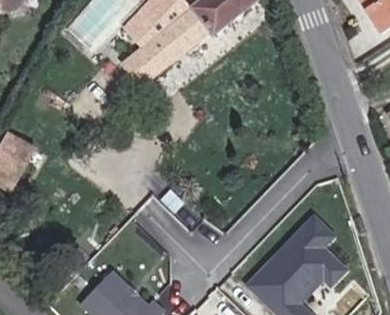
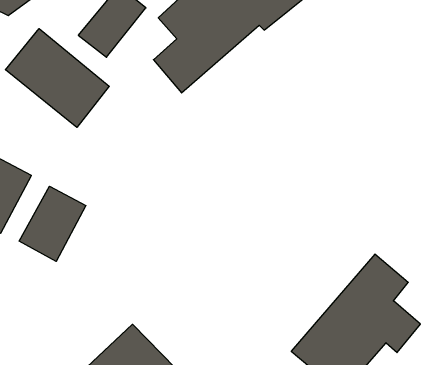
building: none -> [5,29,109,127]
building: none -> [19,186,86,261]

